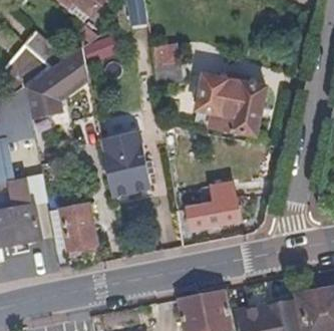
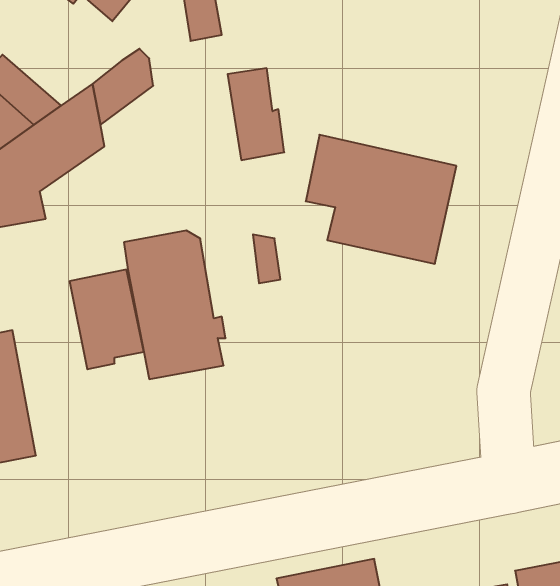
building: [186,183,239,229] -> none
building: [59,204,97,255] -> [70,270,144,369]

